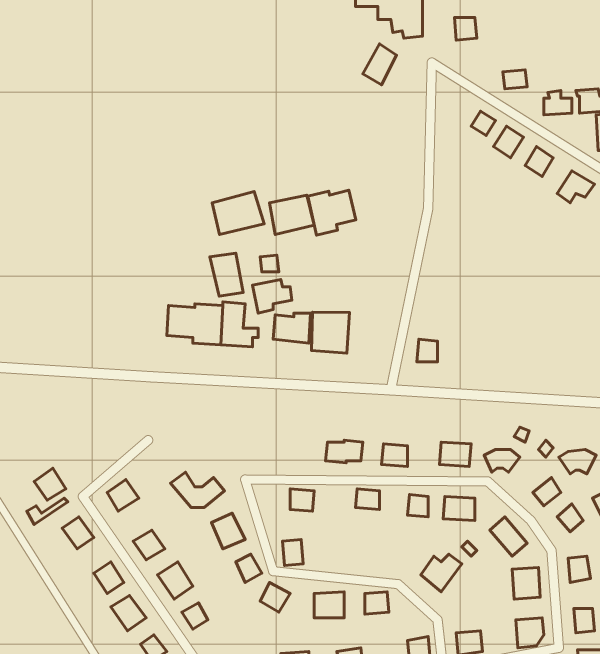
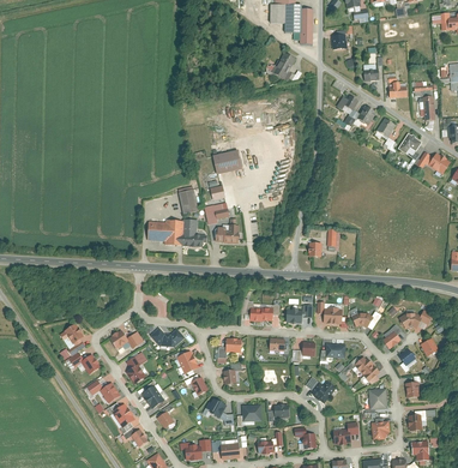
building: [308,190,356,235] -> none
building: [212,192,264,234] -> none
building: [312,312,349,353] -> none

